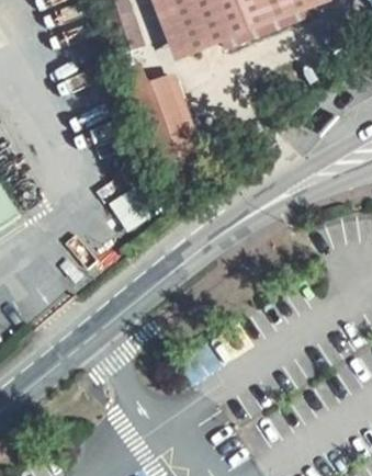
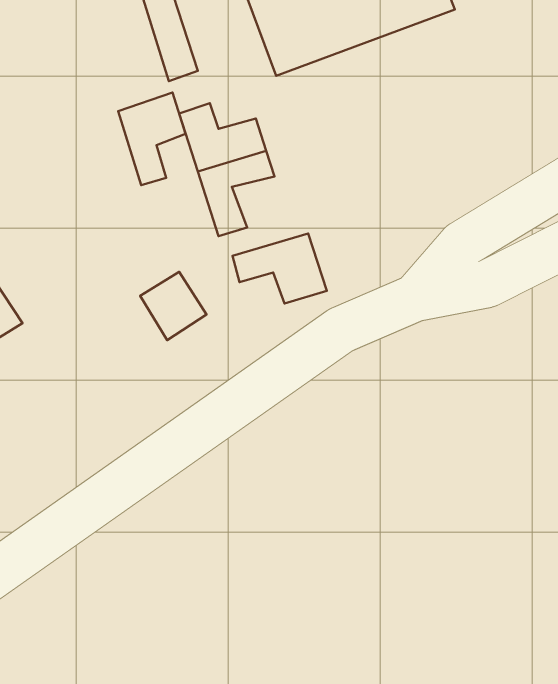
building: none -> [118,93,186,185]
building: none -> [232,234,327,304]

